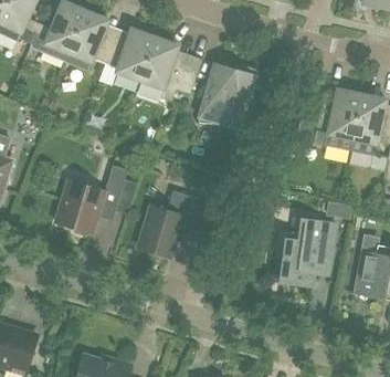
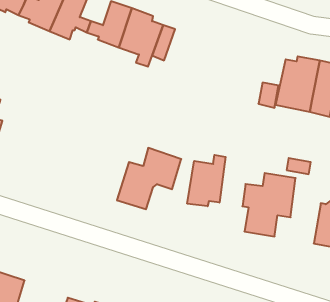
building: [198,62,257,125] -> none
building: [55,164,127,234] -> none
building: none -> [187,155,226,206]

